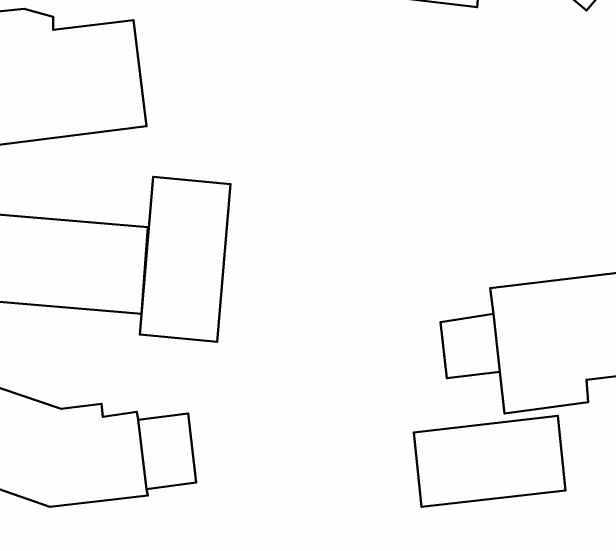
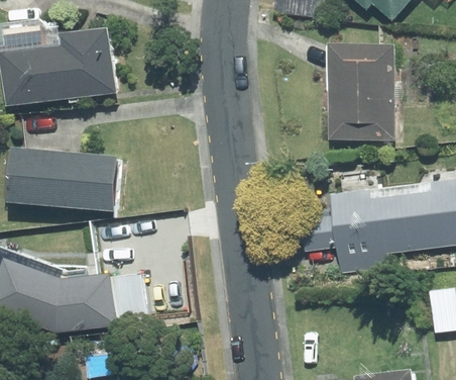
building: none -> [328,44,394,140]
building: [140,177,230,342] -> none
building: [414,416,566,507] -> none

